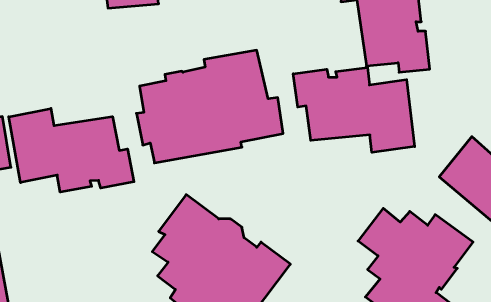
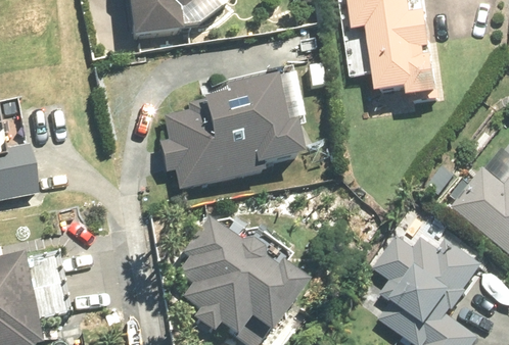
building: [293,68,415,152] -> none
building: [9,108,134,192] -> none

